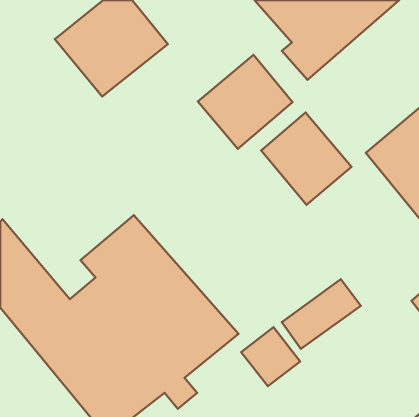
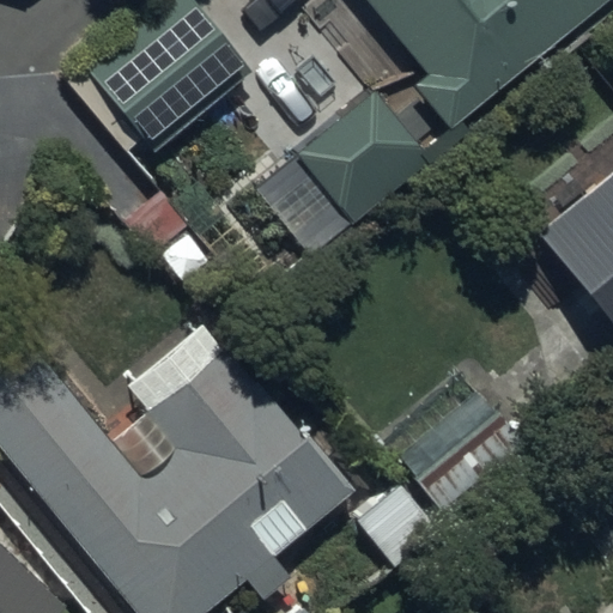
building: [261,113,352,205] -> none

